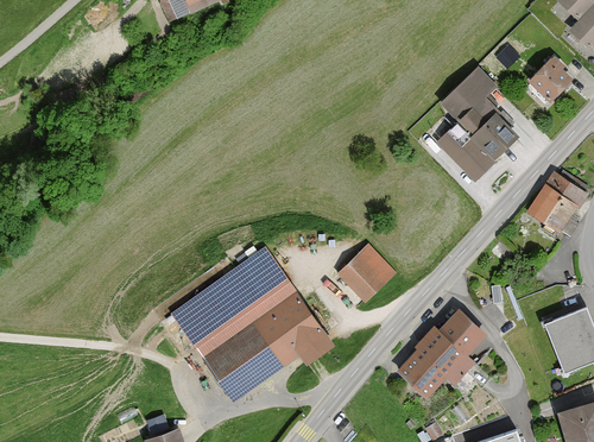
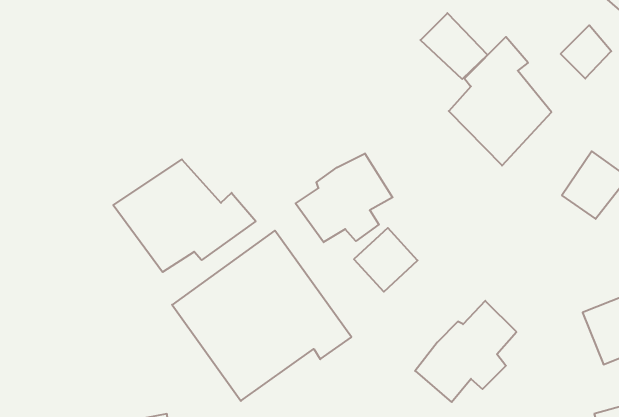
building: none -> [420,13,488,79]
building: none -> [296,153,393,242]
building: none -> [113,159,256,272]

